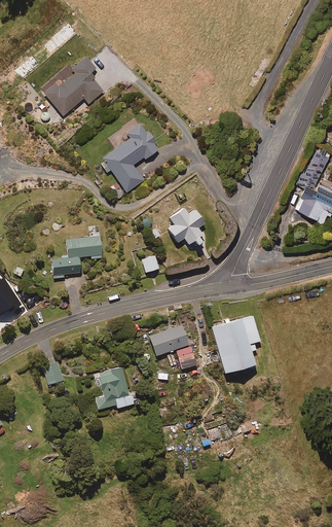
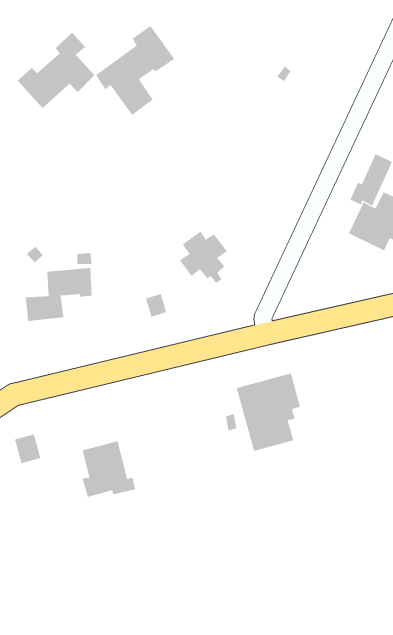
building: [99,124,159,192] -> [95,25,175,116]
building: [148,325,193,370] -> none

